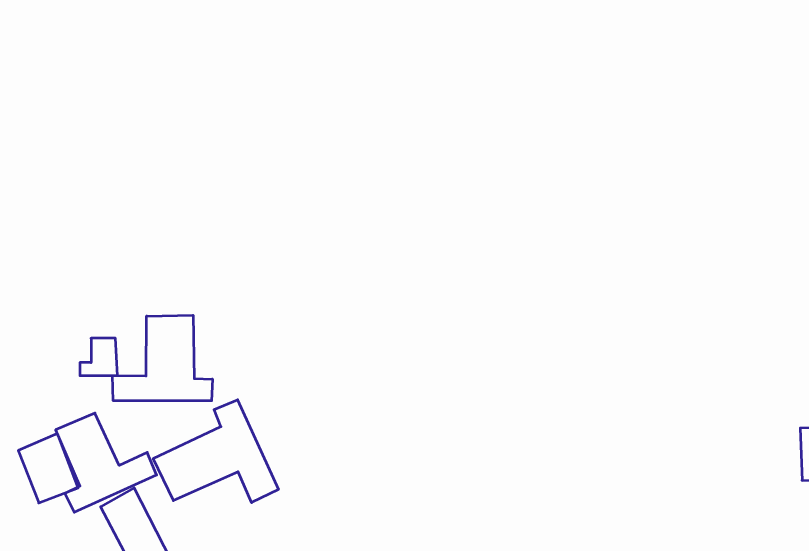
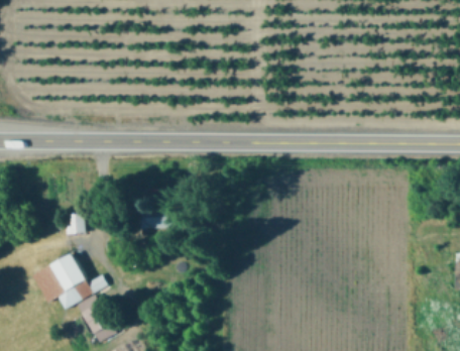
building: [112,315,212,401] -> none
building: [153,400,278,503] -> none

